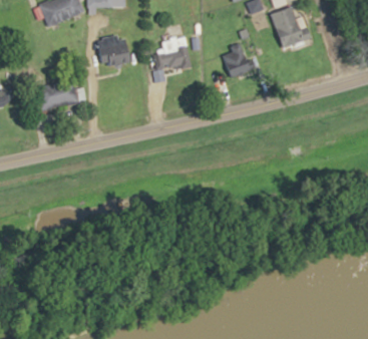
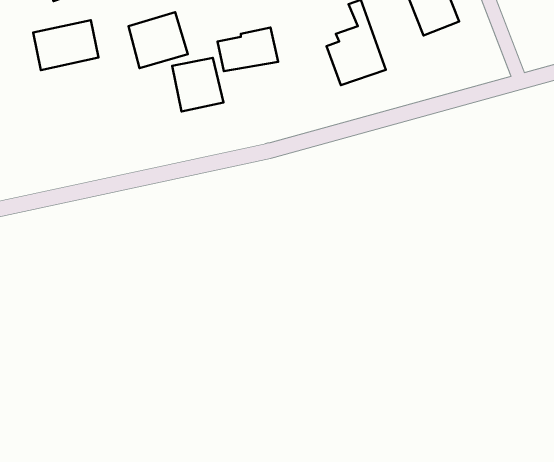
building: none -> [172,58,224,111]
building: [36,79,78,111] -> [33,20,99,70]

